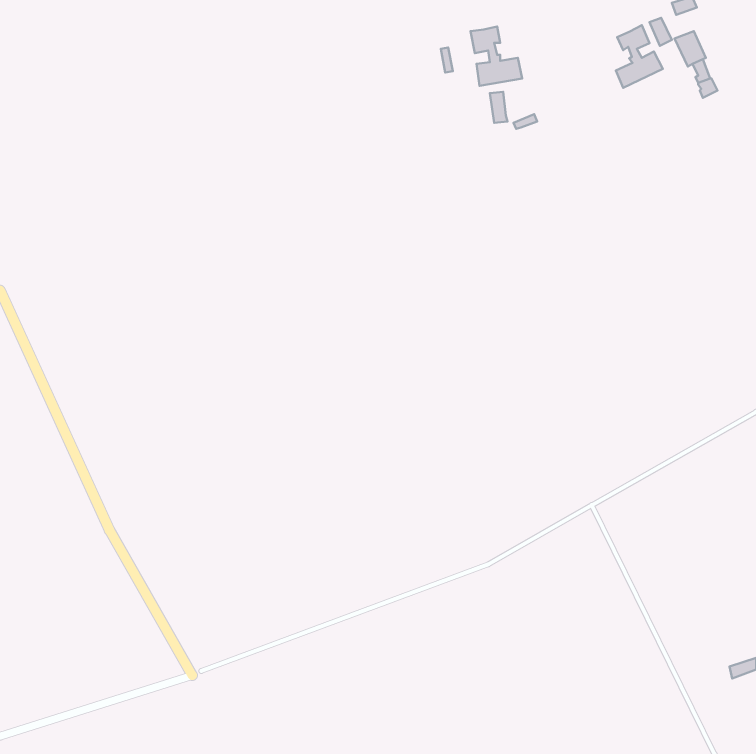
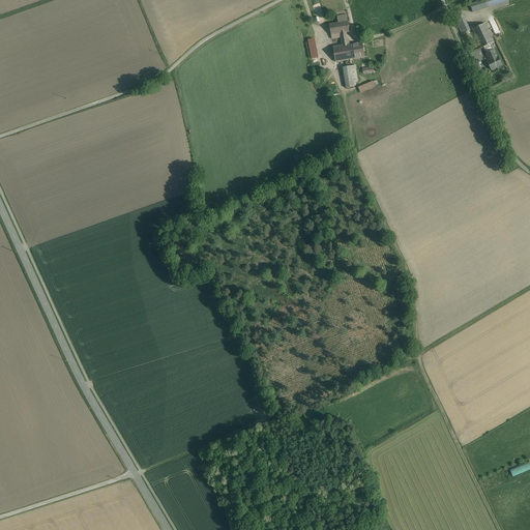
building: [616,25,663,88] -> none

